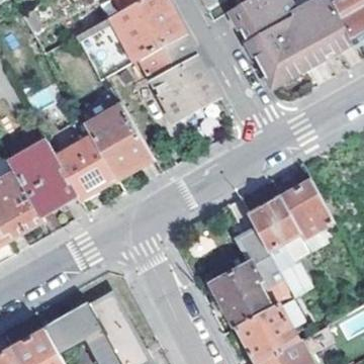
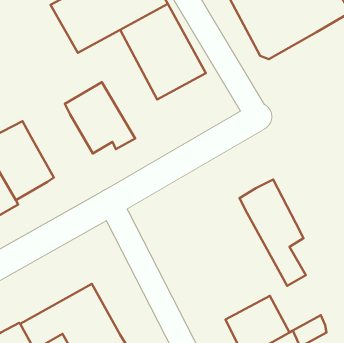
building: [55,135,115,199] -> none
building: [280,179,333,237] -> none
building: [209,228,293,327] -> none

